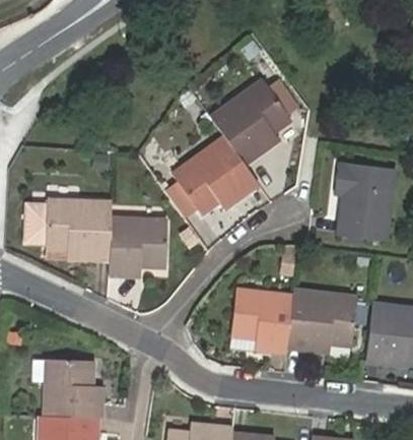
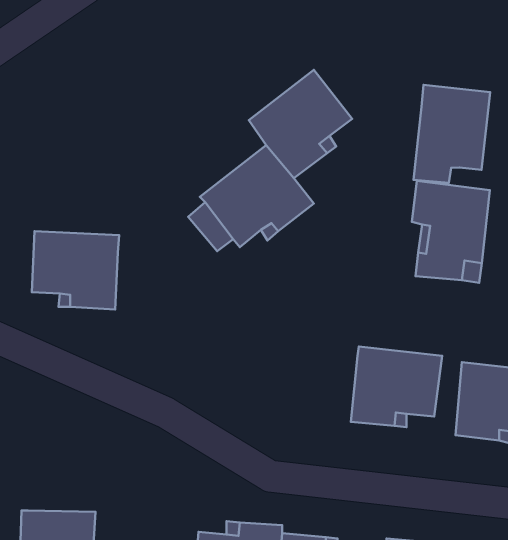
building: none -> [414,85,490,183]
building: [24,204,47,244] -> none
building: [108,217,166,277] -> none
building: [228,290,294,353] -> none
building: [42,359,97,418] -> none

